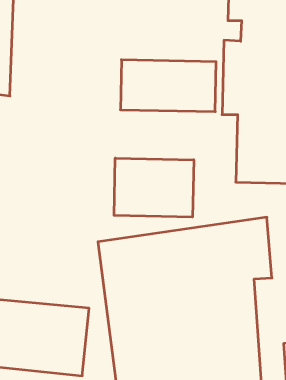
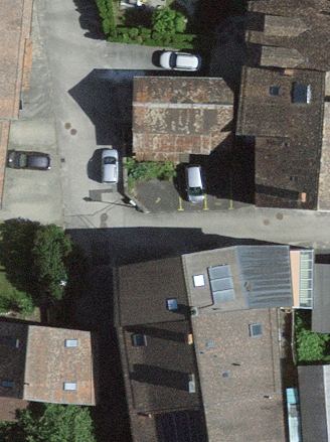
building: [114,158,194,217] -> none

